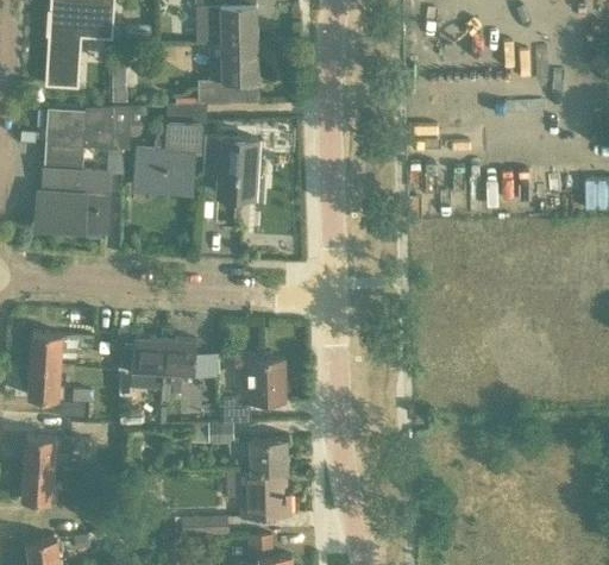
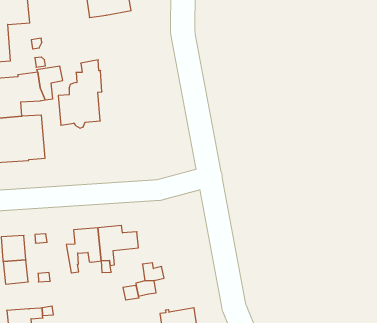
building: [200,44,258,105] -> none
building: [207,139,260,199] -> none
building: [234,353,287,404] -> none
building: [249,440,288,472] -> none

